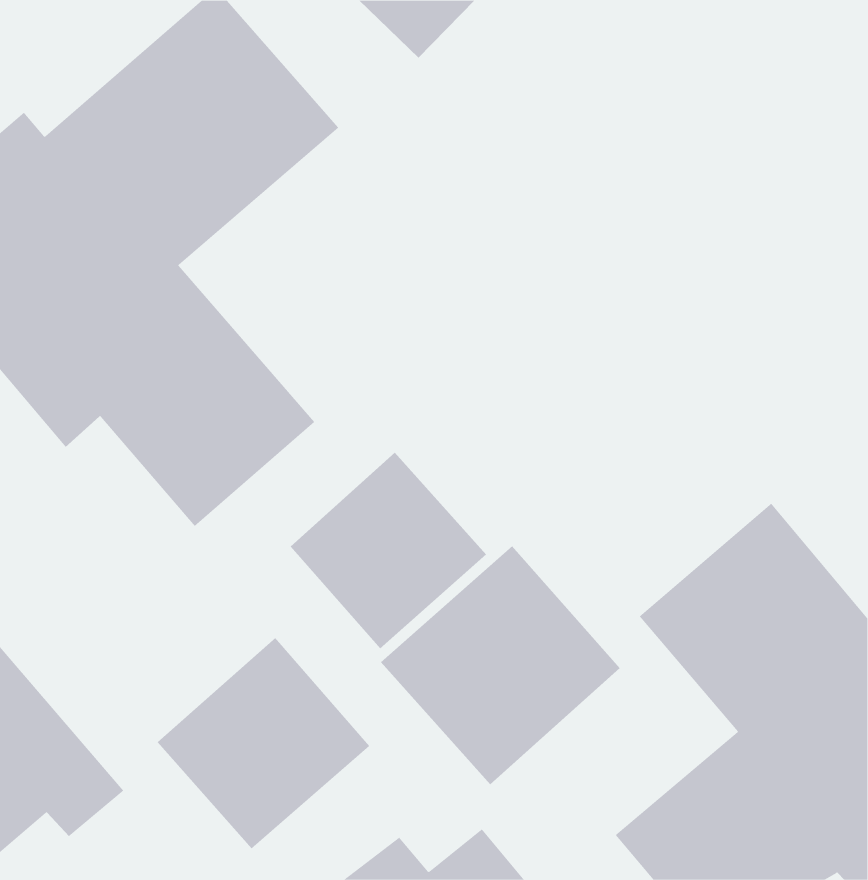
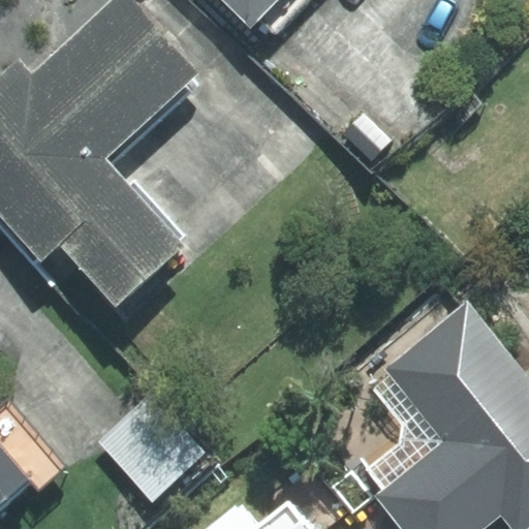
building: [290,452,487,649] -> none
building: [380,545,620,785] -> none

